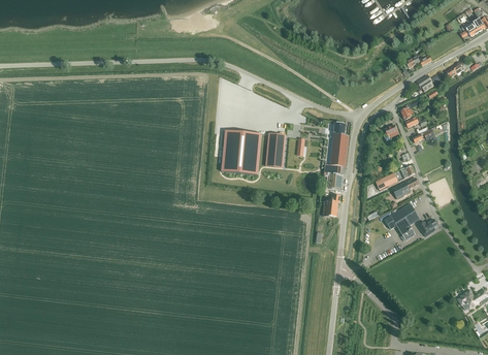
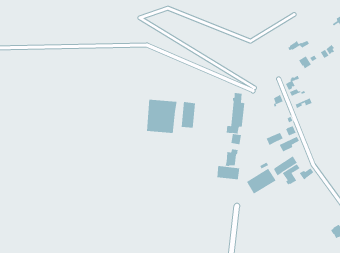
building: none -> [217,165,240,180]
building: none -> [246,168,276,195]

